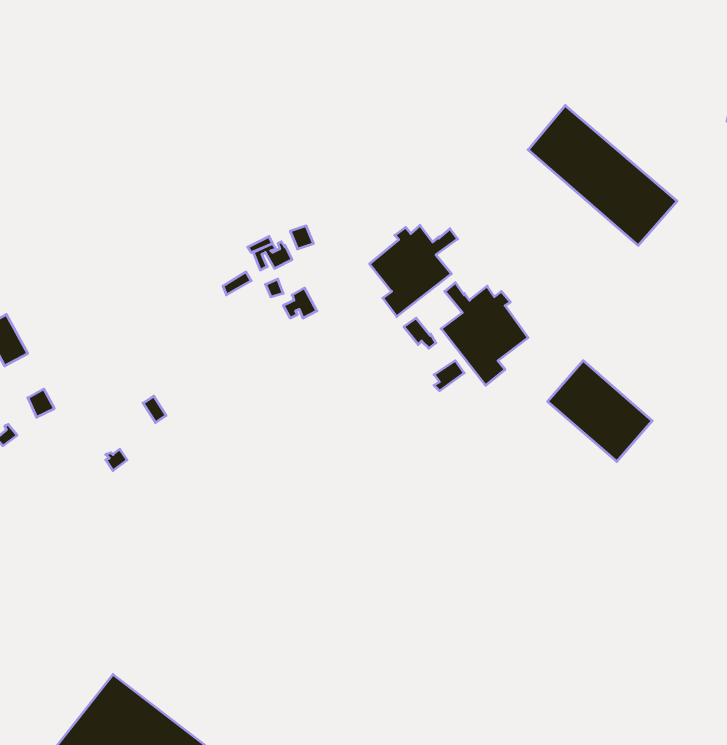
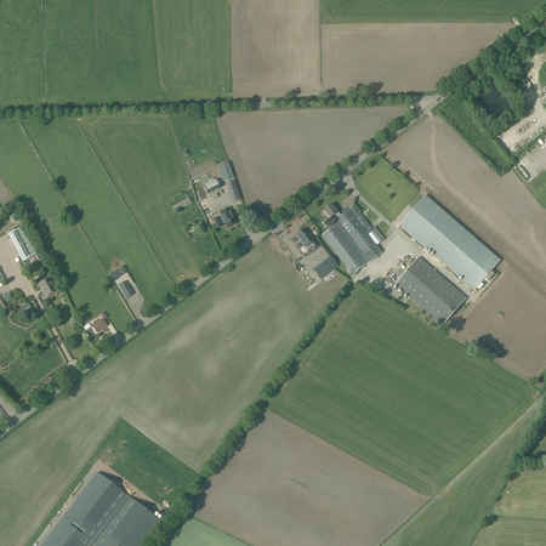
building: [528,105,677,245] -> [399,194,501,290]
building: [370,225,458,317] -> none

